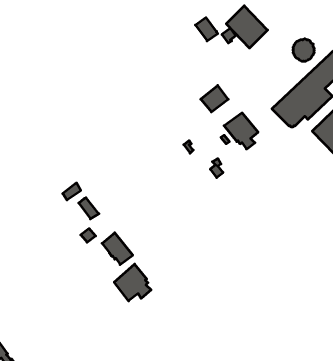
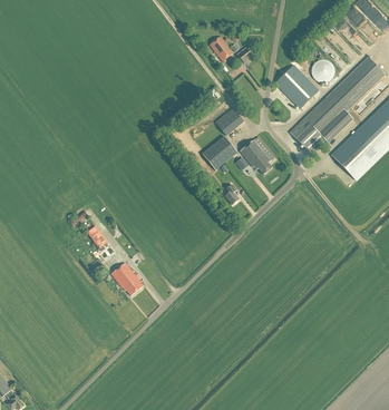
building: [226,6,268,48] -> [274,64,318,108]
building: none -> [202,136,236,169]
building: [114,264,151,301] -> none

